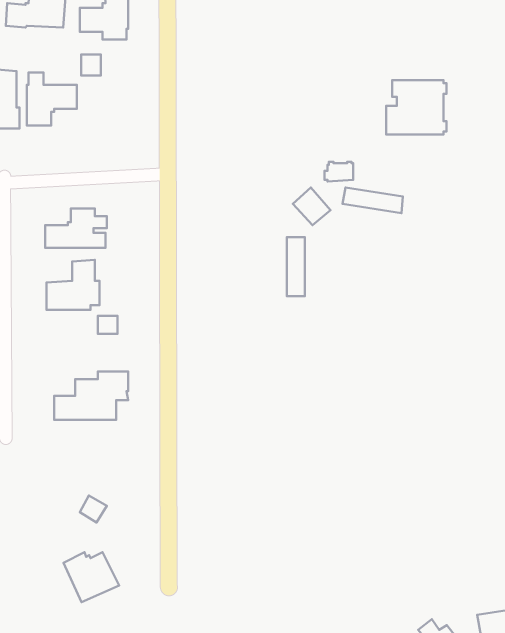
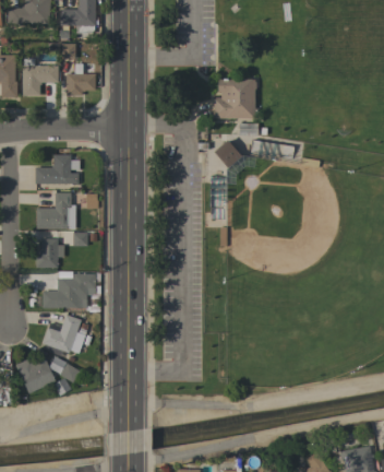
building: [386,80,447,135] -> [213,79,256,118]
building: none -> [65,63,95,96]
building: none -> [33,239,63,268]
building: none -> [41,314,85,354]
building: [63,552,119,602] -> [15,357,56,393]

